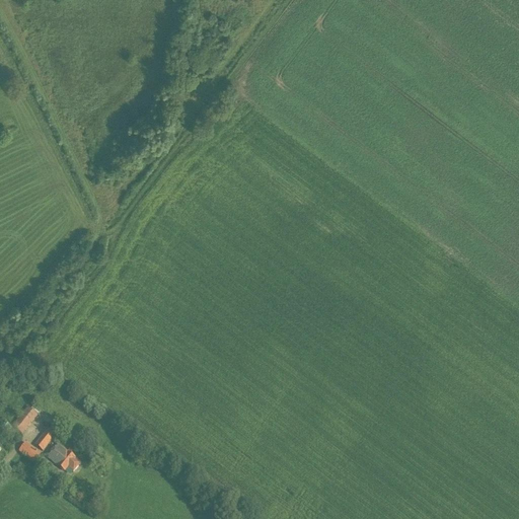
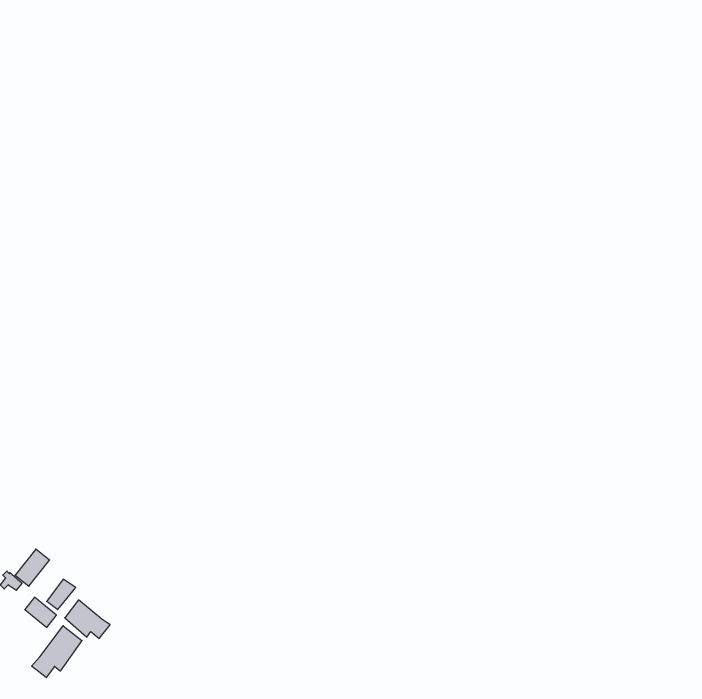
building: none -> [32,626,82,678]

